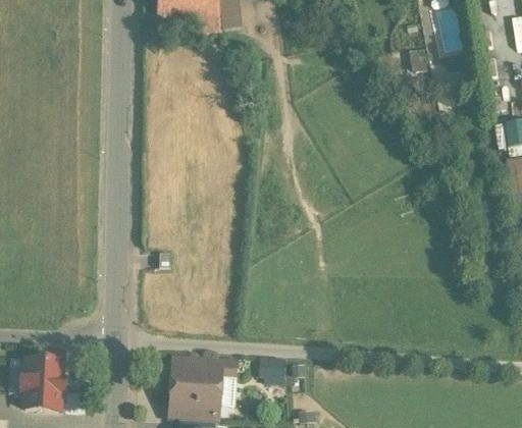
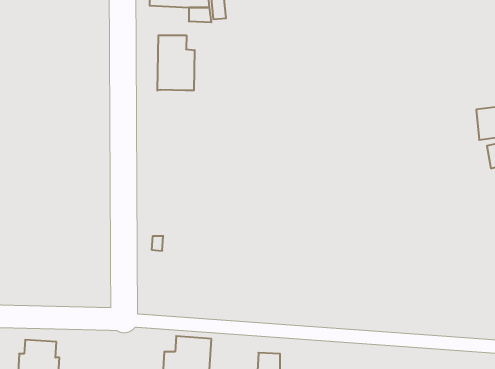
building: none -> [157,35,195,91]

